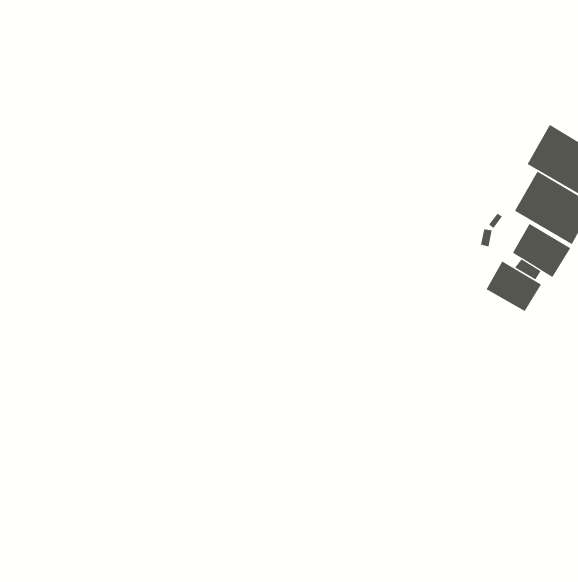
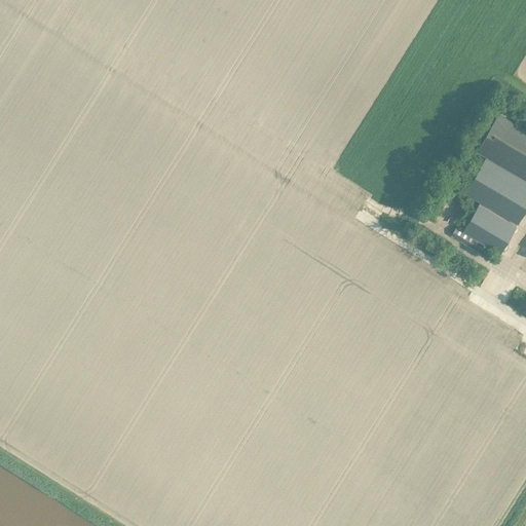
building: [486,261,542,312] -> none

